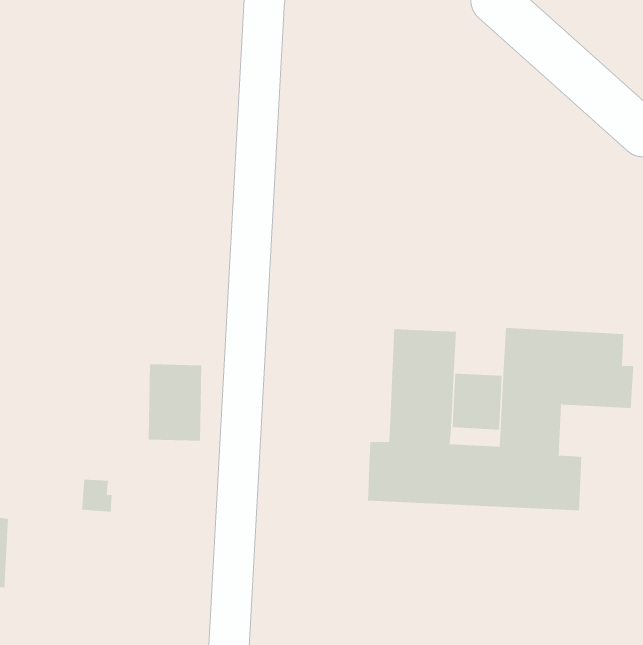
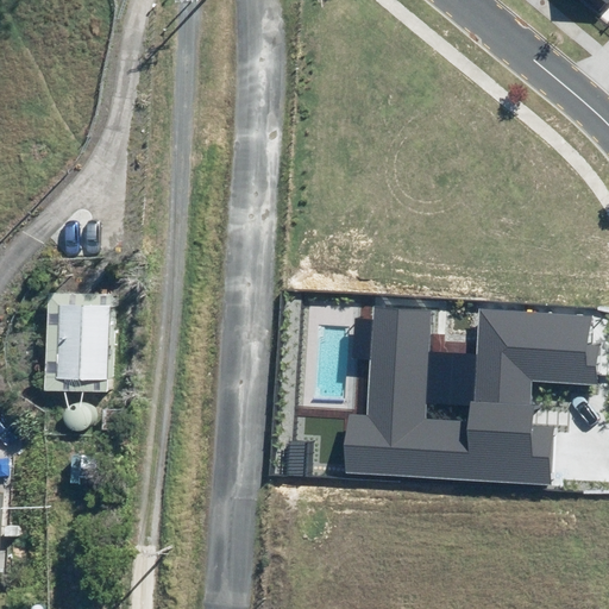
building: [148,364,202,441] -> [64,303,115,376]

